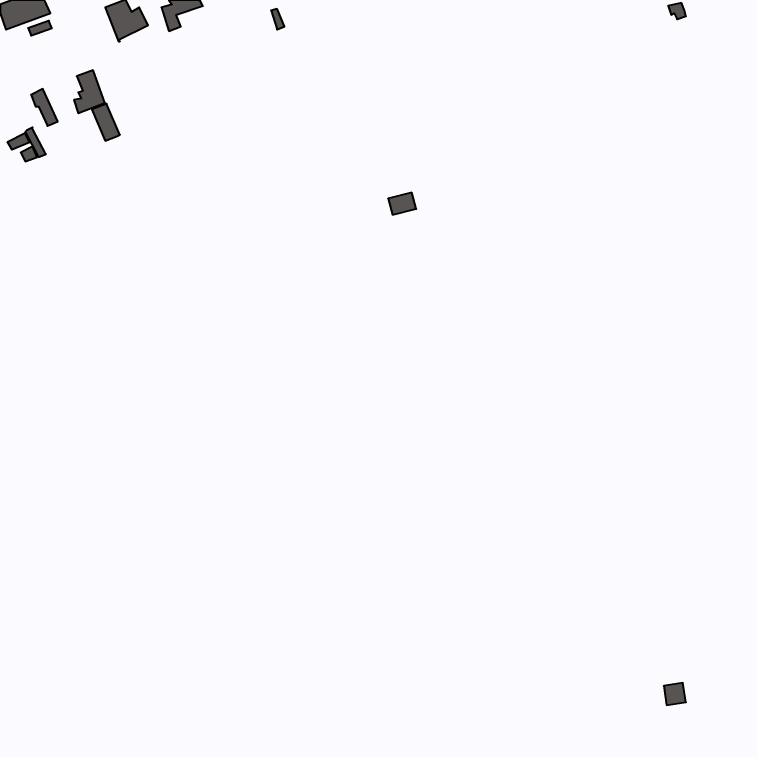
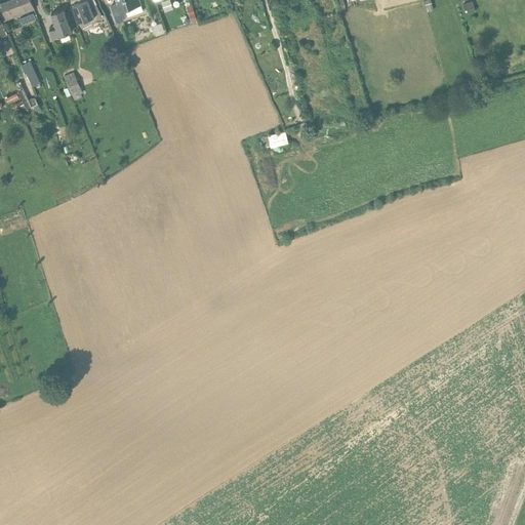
building: [74,70,105,113] -> [49,9,71,39]

